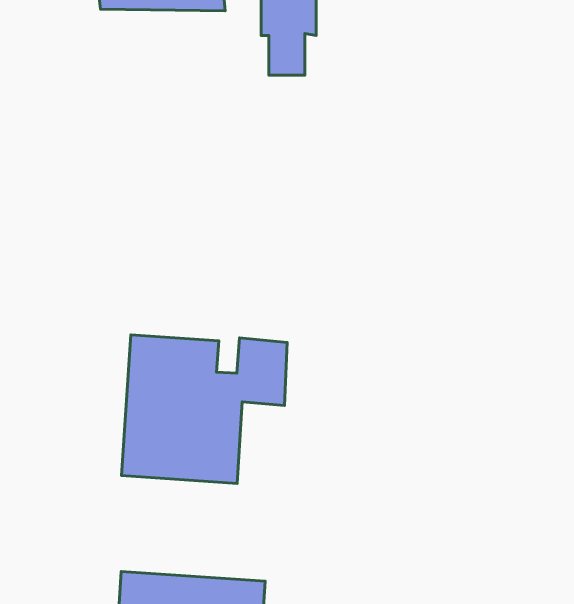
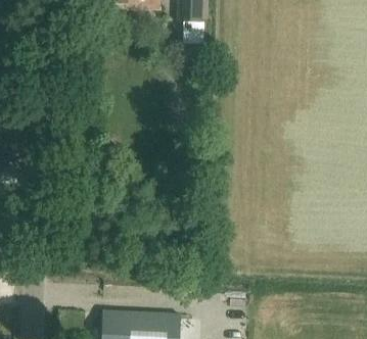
building: [121,335,287,483] -> none

